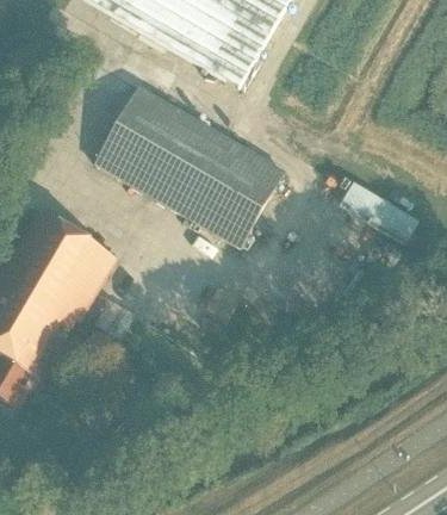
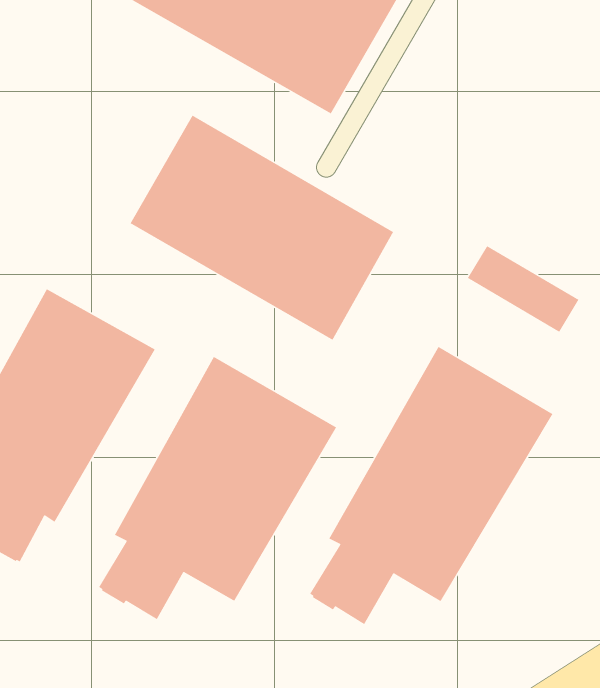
building: none -> [309,346,554,625]
building: none -> [98,356,337,620]

